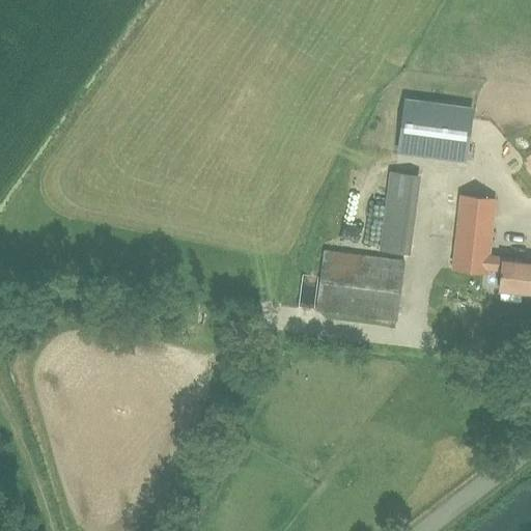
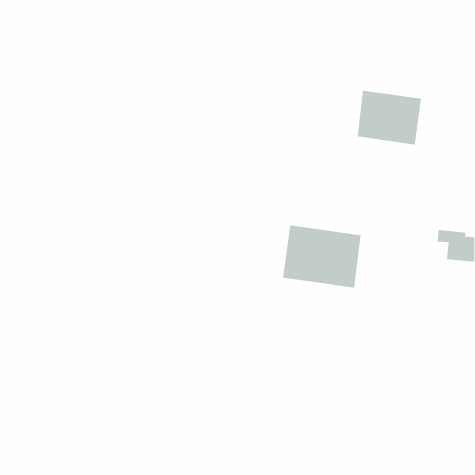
building: [387,170,426,254] -> none
building: [451,195,494,274] -> none

